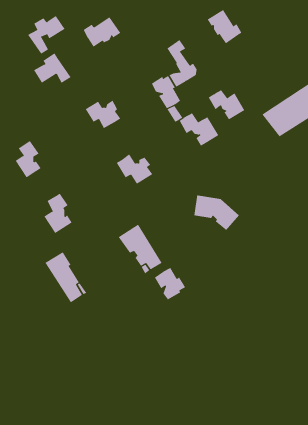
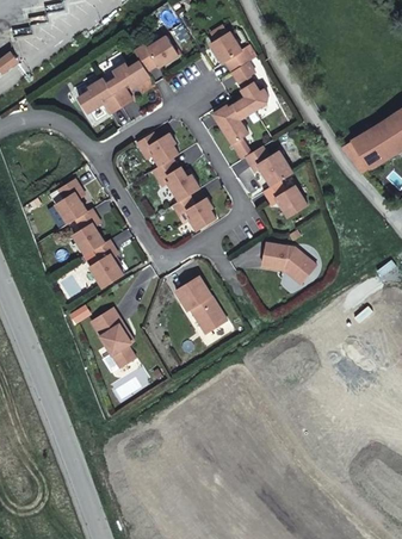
building: [207,9,242,44] -> [209,32,249,73]
building: [27,15,66,55] -> [105,61,149,106]
building: [208,89,245,120] -> [262,181,305,217]
building: none -> [151,159,199,202]
building: none -> [73,209,104,254]
building: [154,267,186,300] -> none

